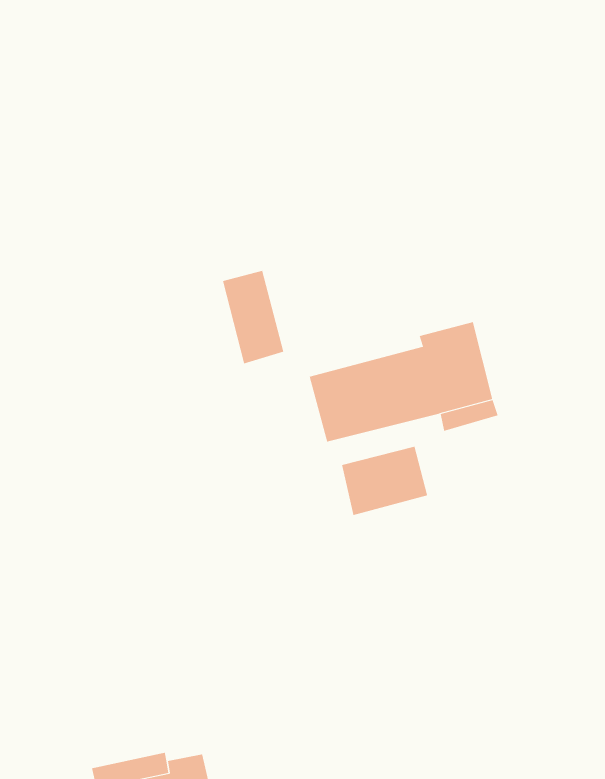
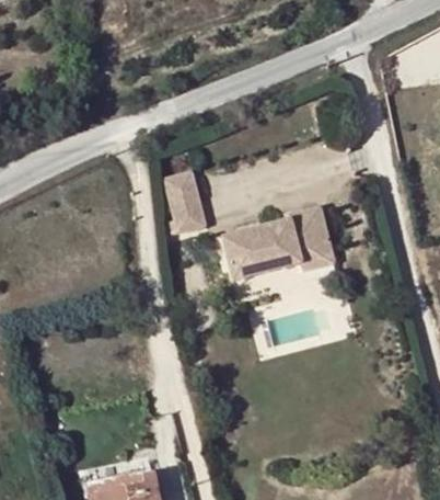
building: [342,446,428,516] -> none

